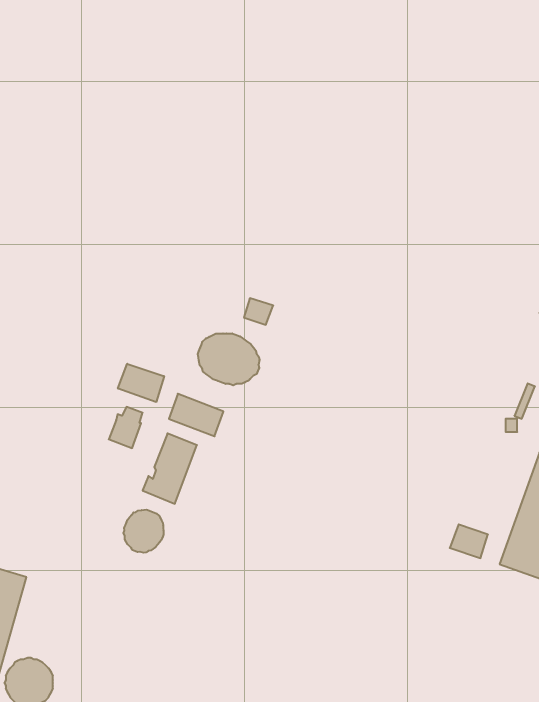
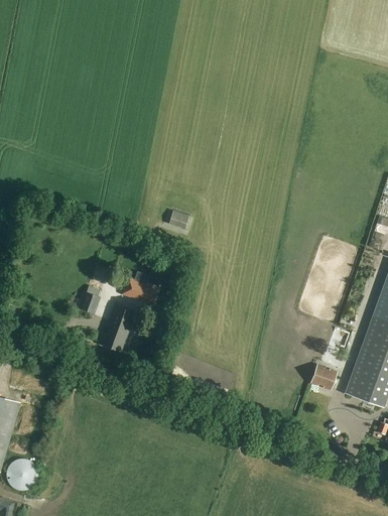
building: [198,333,259,385] -> none
building: [118,364,164,402] -> none
building: [123,510,164,553] -> none

